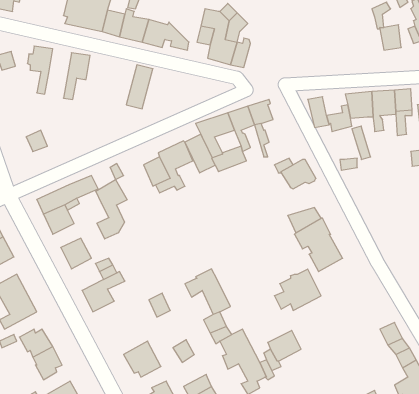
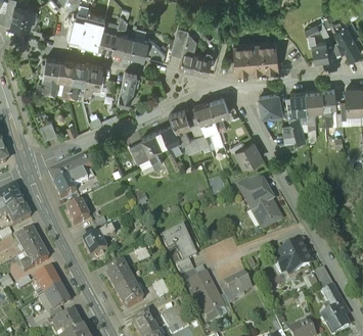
building: none -> [234,39,279,70]
building: none -> [58,57,76,95]
building: none -> [84,62,103,98]
building: [96,180,127,239] -> none
building: [274,269,321,310] -> [276,241,312,273]
building: none -> [108,262,134,291]

